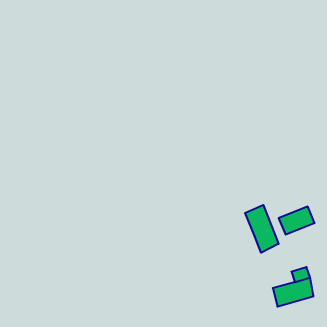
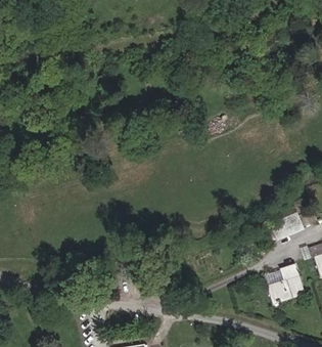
building: [245,205,279,253] -> none

